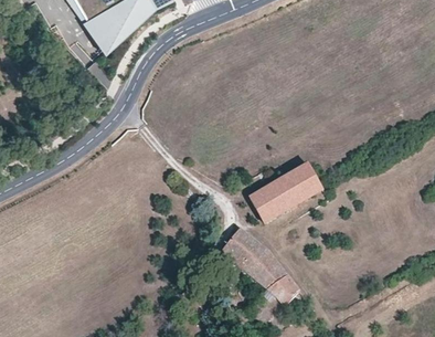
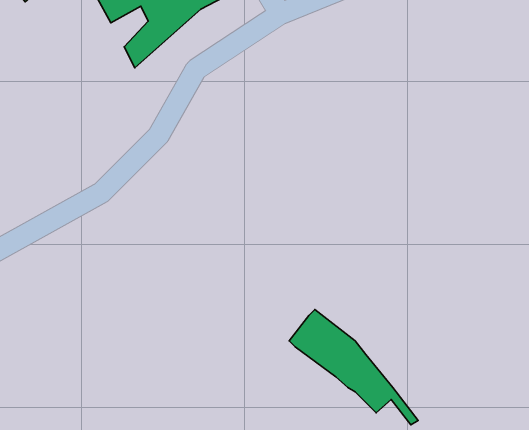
building: [82,9,117,60] -> none
building: [250,167,323,225] -> none

